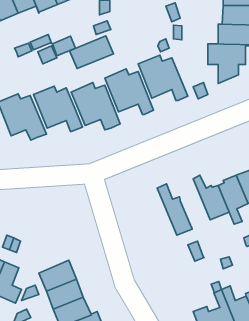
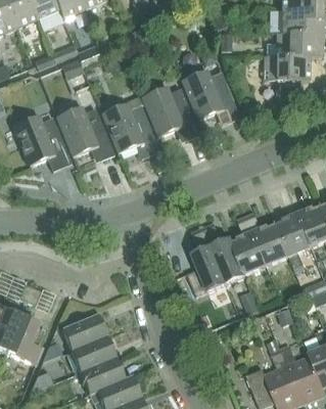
building: [69,36,114,69] -> none
building: none -> [231,216,267,274]
building: none -> [187,227,227,296]

